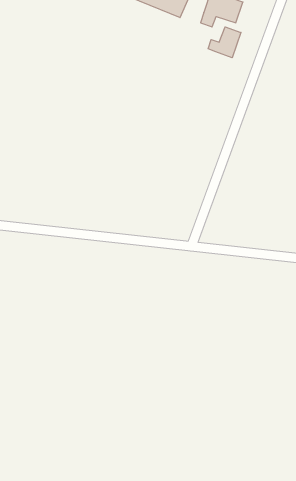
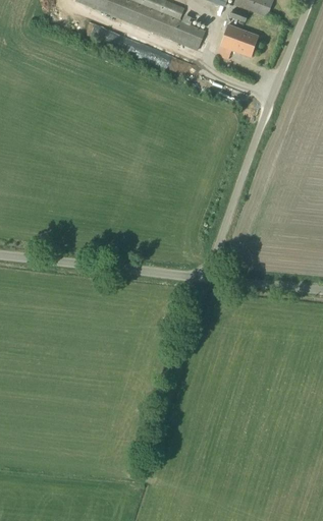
building: [208,27,241,58] -> none

